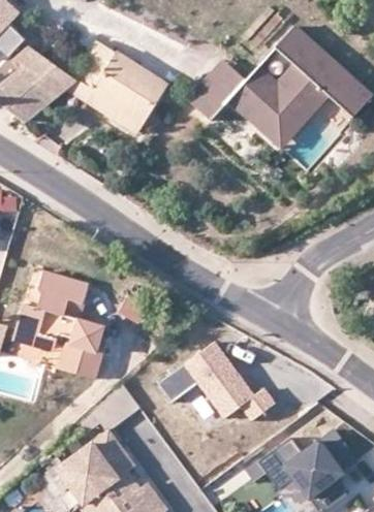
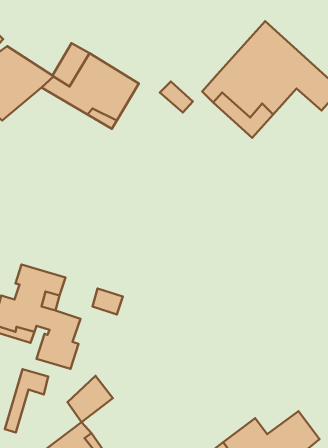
building: [199,57,247,106] -> none
building: [159,343,280,425] -> none
building: none -> [5,369,48,433]

